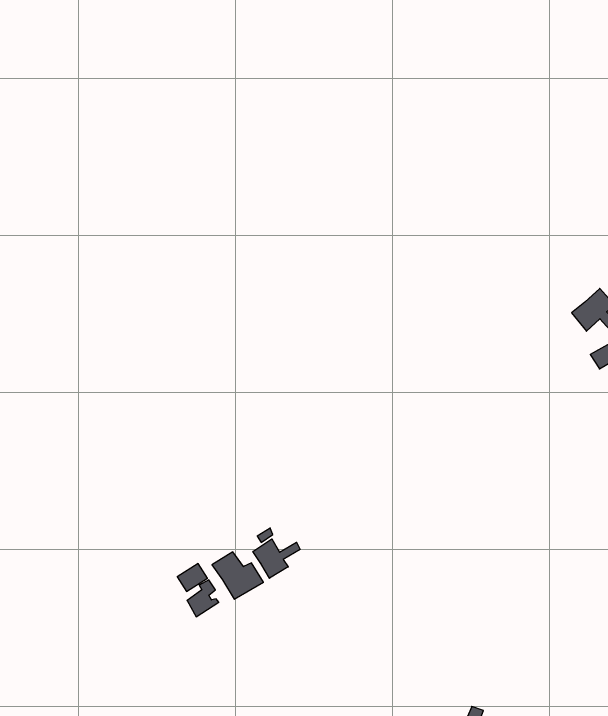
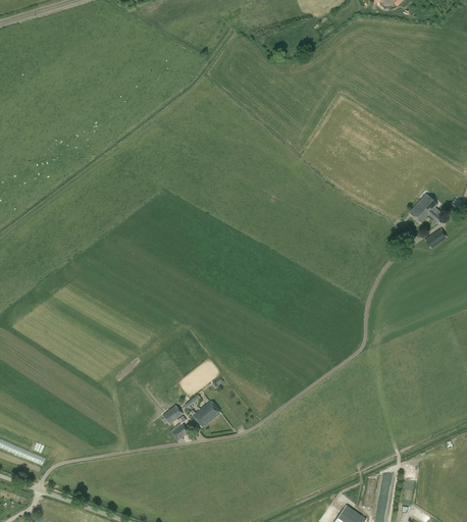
building: [253,539,300,578] -> none

